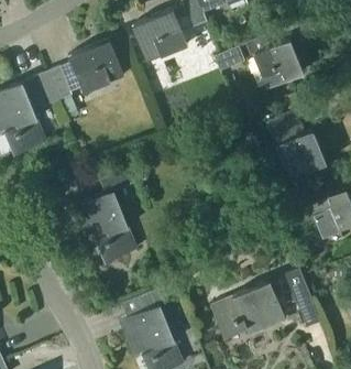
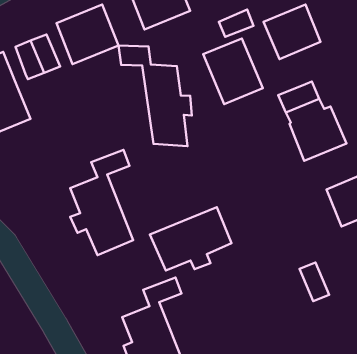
building: none -> [203,38,263,104]
building: none -> [118,46,192,146]
building: [210,281,283,337] -> [150,207,232,270]

